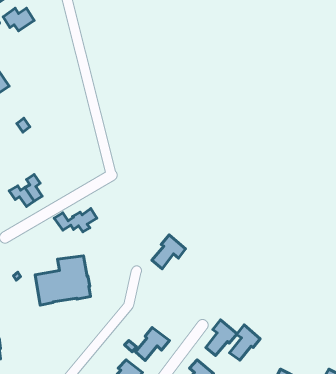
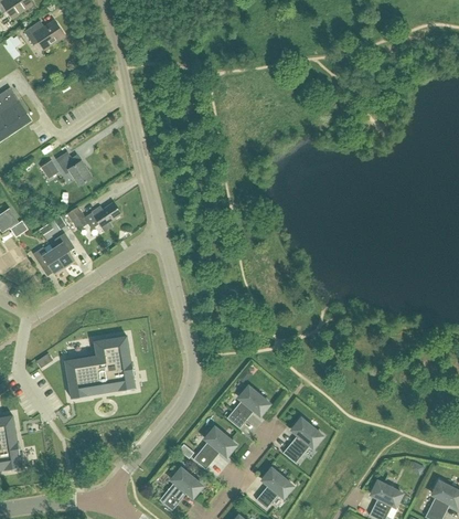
building: none -> [56,150,93,184]
building: [54,209,97,232] -> [67,200,121,230]
building: [152,235,185,269] -> [226,384,269,427]
building: [229,325,260,360] -> none

